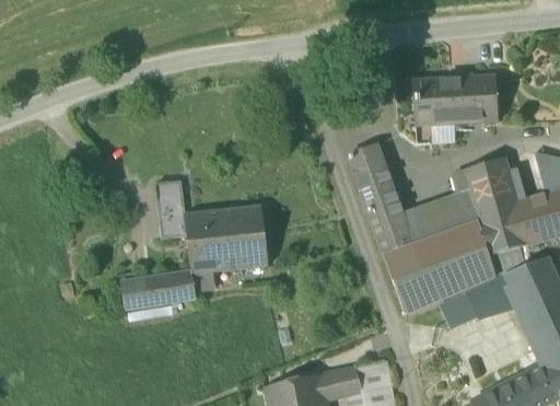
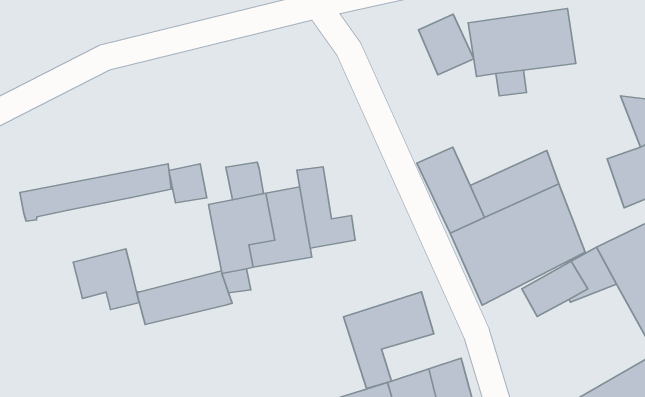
building: [347,143,390,193] -> [419,14,474,75]
building: [463,158,528,255] -> none
building: none -> [20,164,171,221]
building: none -> [297,167,355,248]
building: [158,208,187,237] -> [226,162,264,200]
building: none -> [73,249,139,309]
building: none -> [344,292,434,388]

